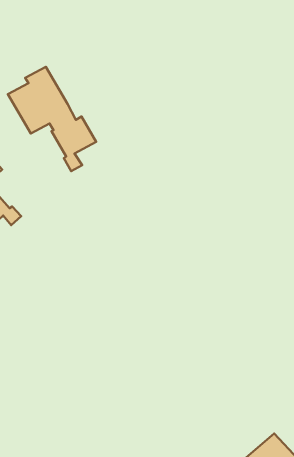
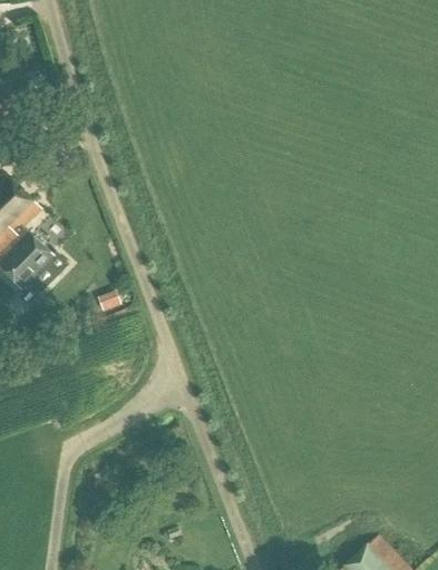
building: [8,67,96,171] -> none

